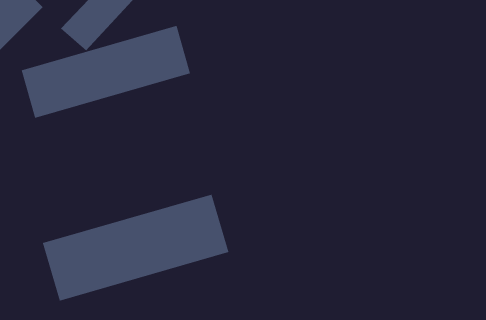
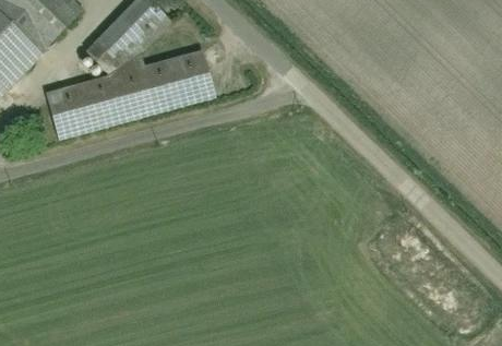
building: [42,194,229,301] -> none

